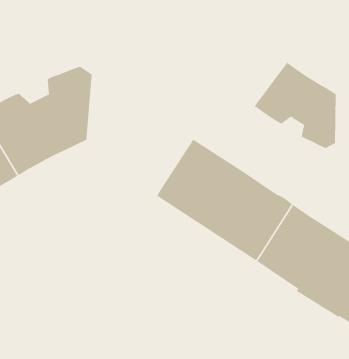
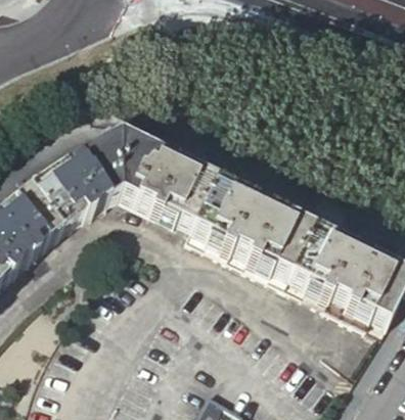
building: [254,62,336,149] -> none
building: none -> [121,132,218,227]

